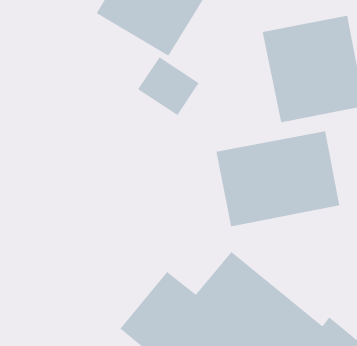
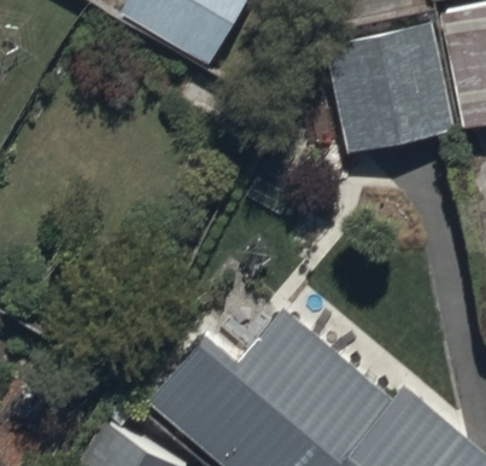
building: [216,131,340,227] -> none

